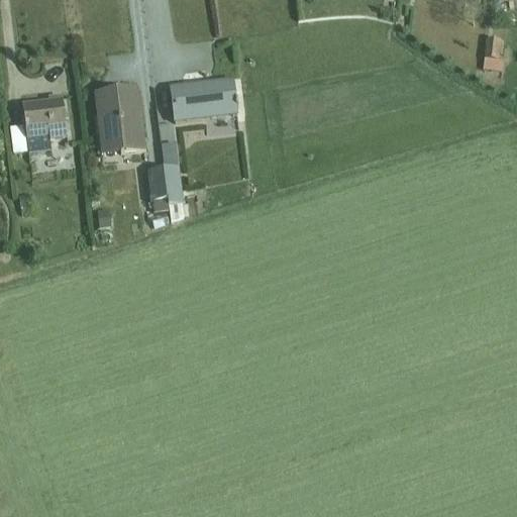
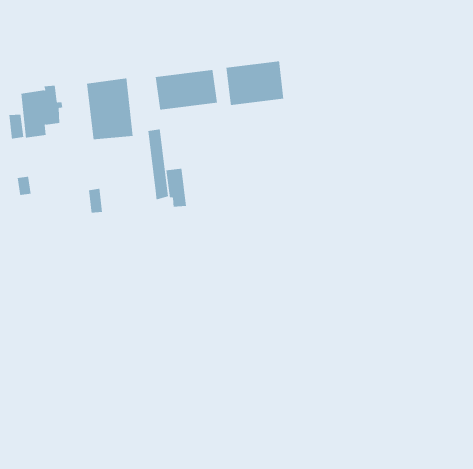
building: [483,34,503,68] -> none
building: none -> [226,60,284,106]
building: [145,167,169,209] -> [166,168,187,207]

